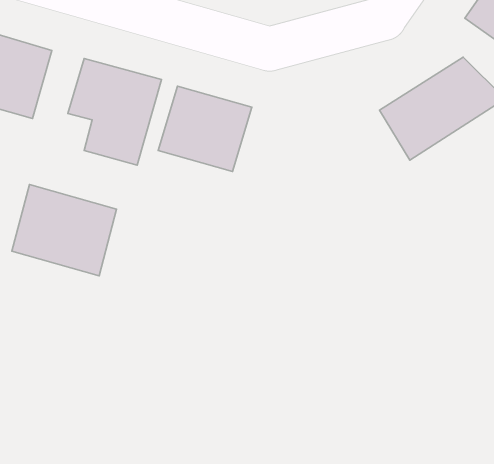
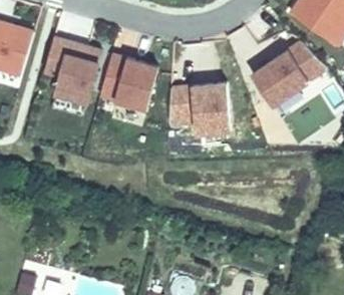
building: none -> [156,74,219,124]
building: [12,185,117,276] -> none

